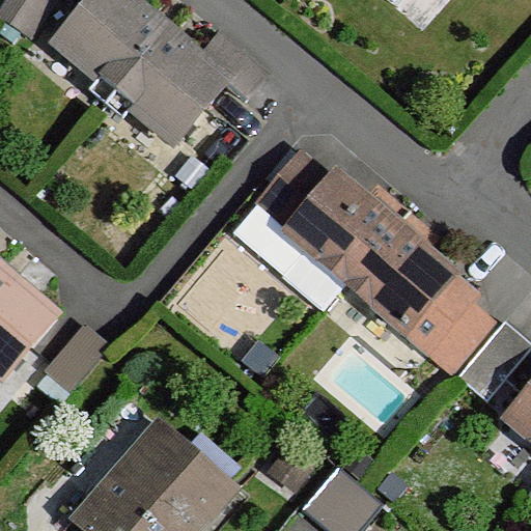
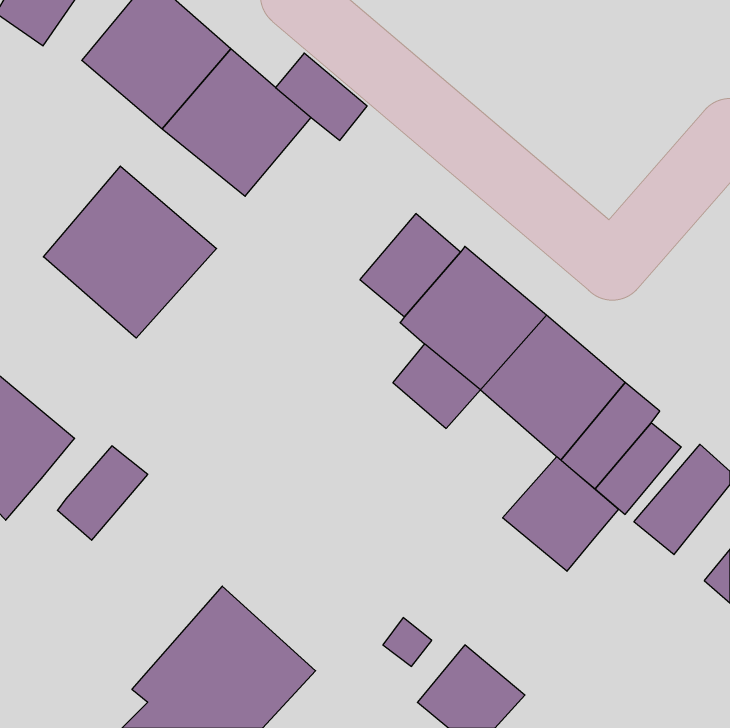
building: none -> [43,166,217,338]
building: none -> [503,457,619,571]

